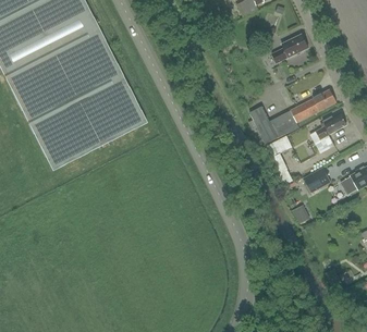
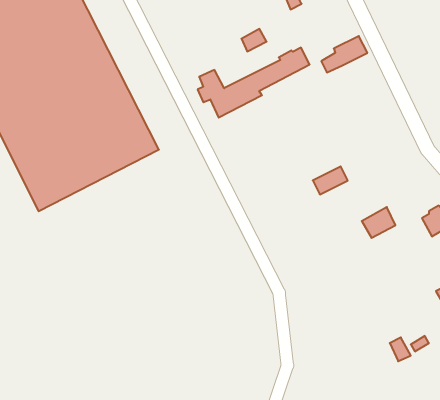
building: [249,88,337,143] -> [198,48,310,118]
building: [310,113,346,151] -> none

